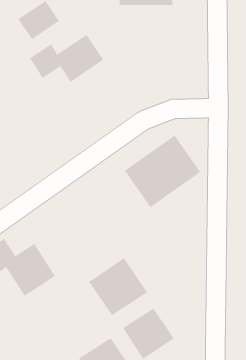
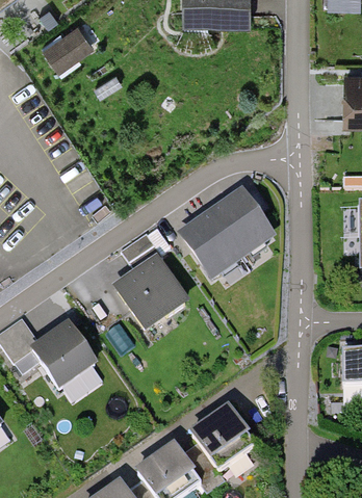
building: [29,34,104,83] -> none
building: [88,257,148,316] -> [113,256,189,331]

